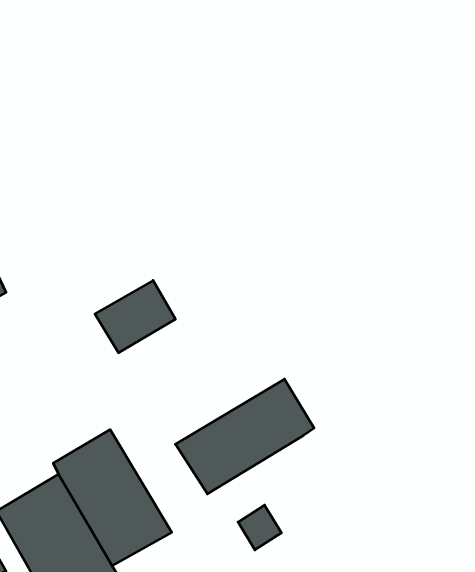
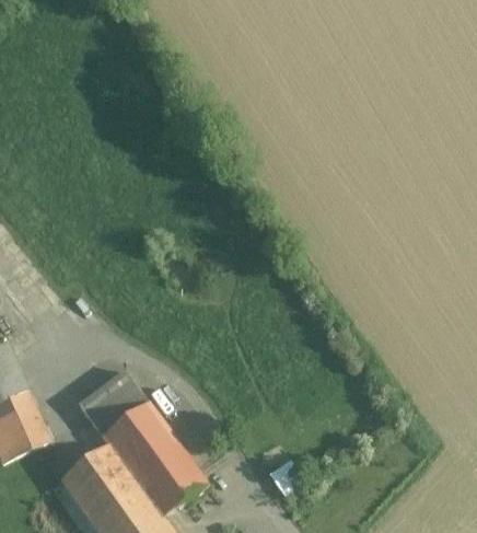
building: [95,280,175,353] -> [79,372,147,436]
building: [175,379,314,494] -> none

